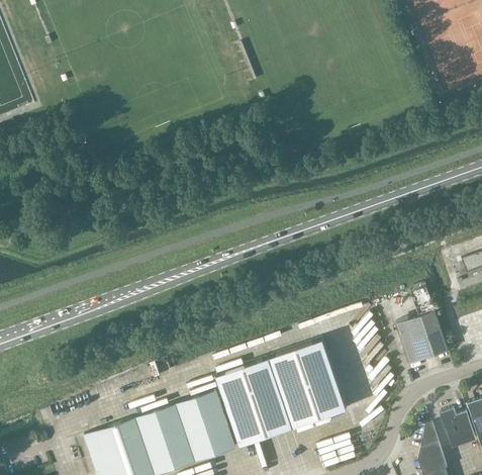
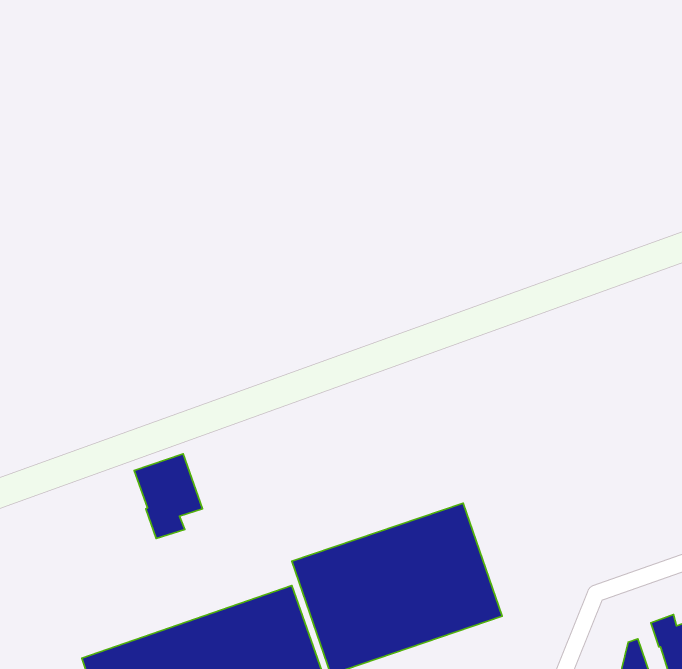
building: [396,289,448,365] -> none
building: none -> [134,454,202,539]

